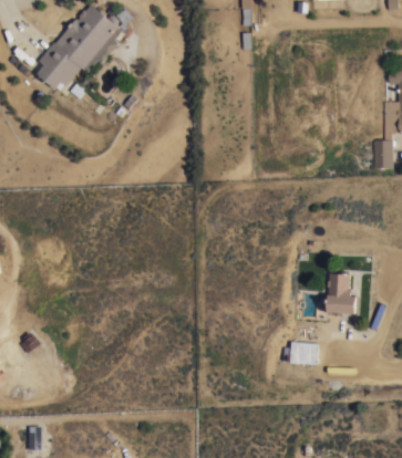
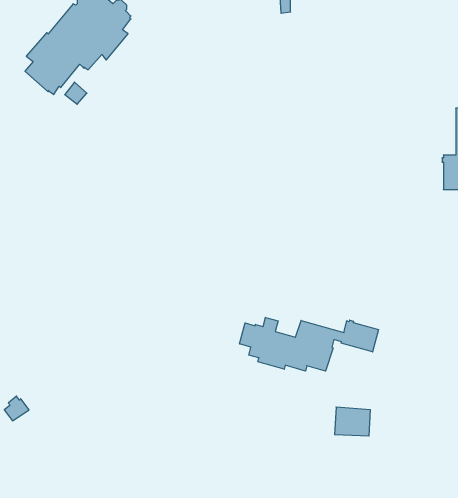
building: none -> [240,317,378,371]
building: [324,272,359,313] -> none

